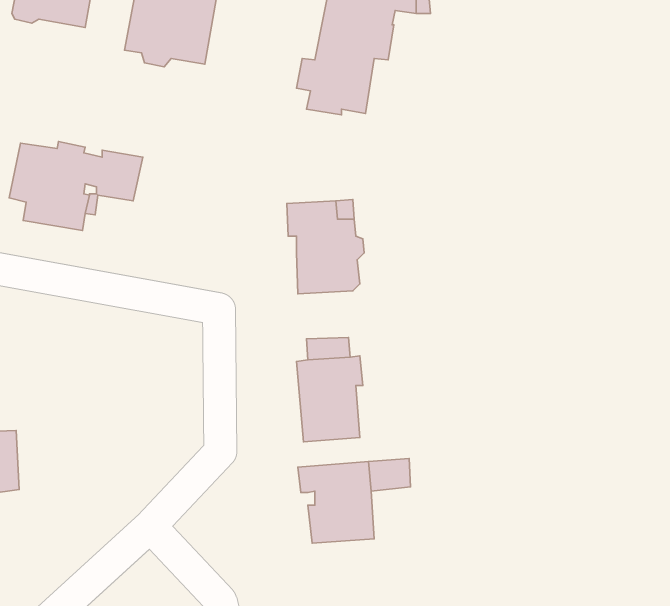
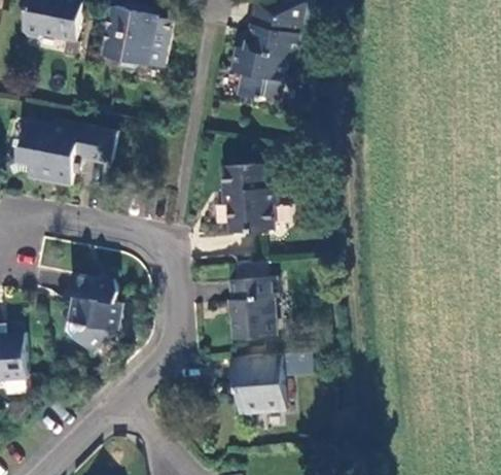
building: none -> [69,277,136,354]

